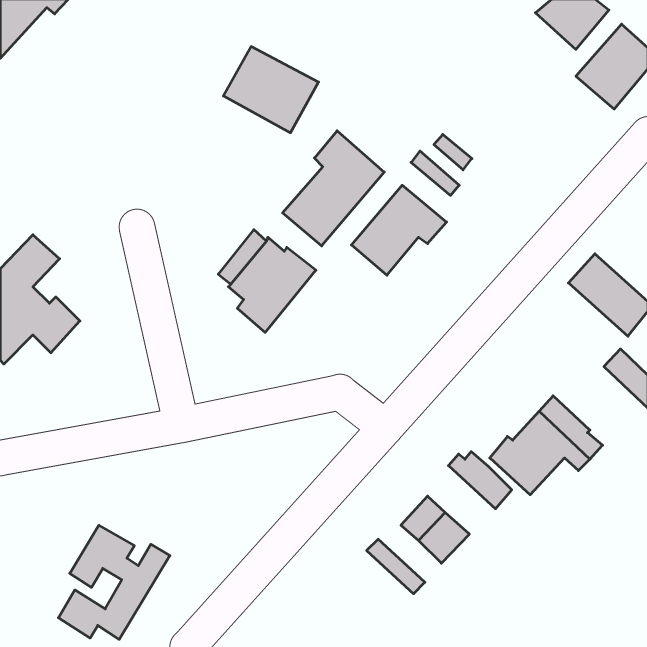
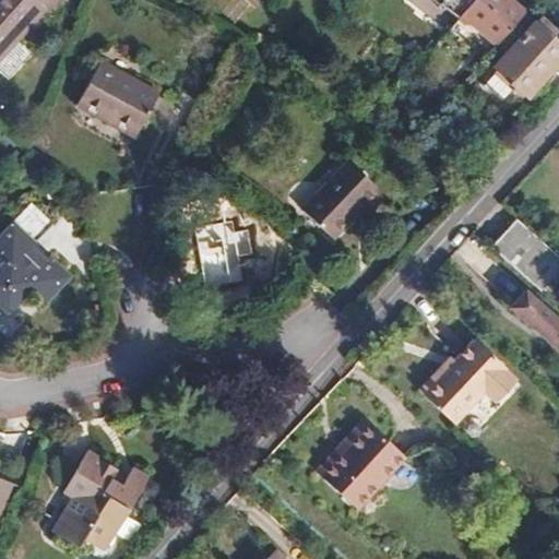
building: [223,47,319,133] -> [74,61,156,135]
building: [283,131,384,246] -> none
building: [448,452,512,509] -> [326,452,381,501]

